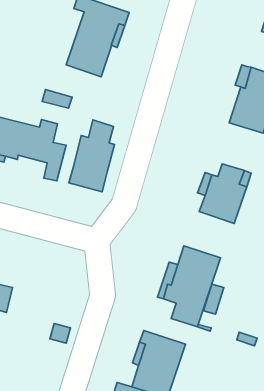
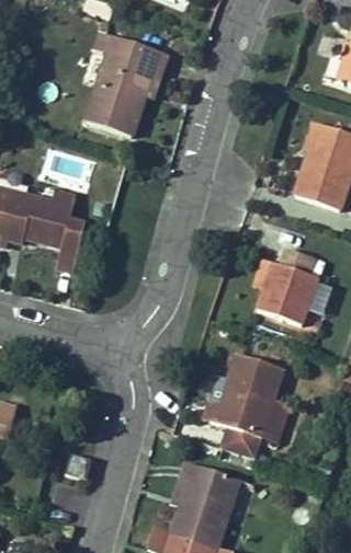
building: [69,120,115,192] -> none

